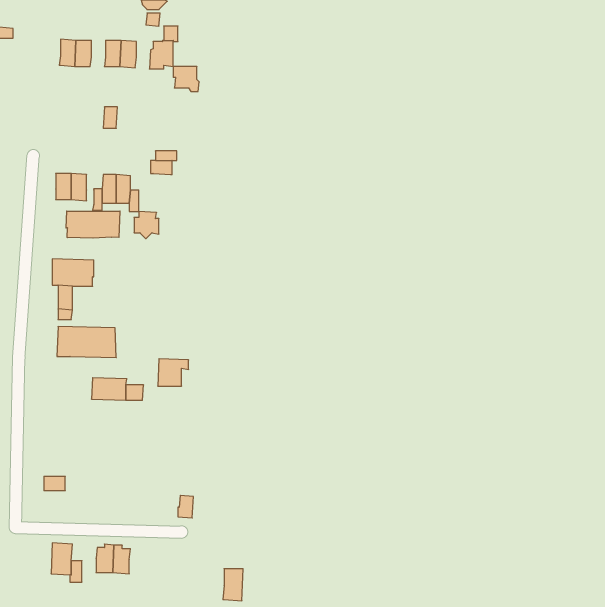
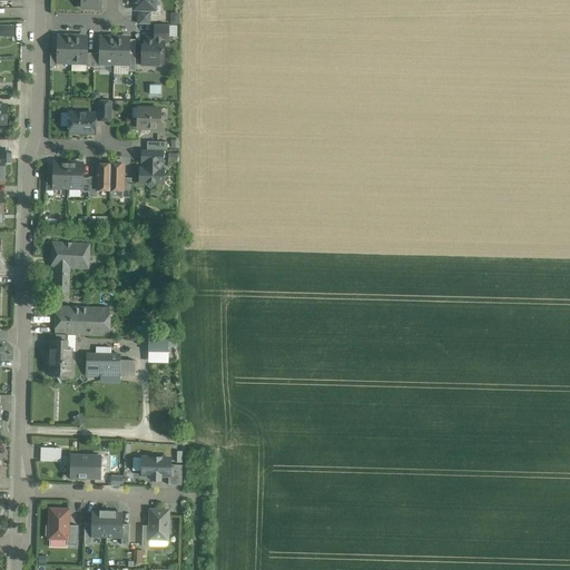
building: [173,67,199,91] -> [137,108,161,131]
building: none -> [68,112,94,134]
building: [66,211,120,238] -> none
building: [134,211,159,239] -> [139,163,163,188]
building: none -> [49,334,70,375]
building: none -> [70,455,99,479]
building: none -> [140,456,169,480]
building: [223,569,243,601] -> [148,510,167,540]

